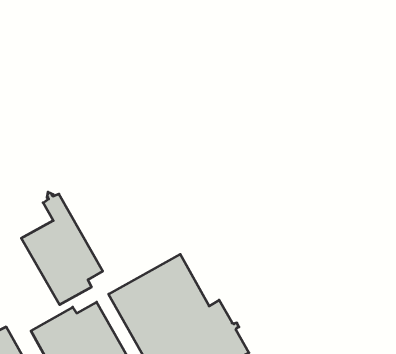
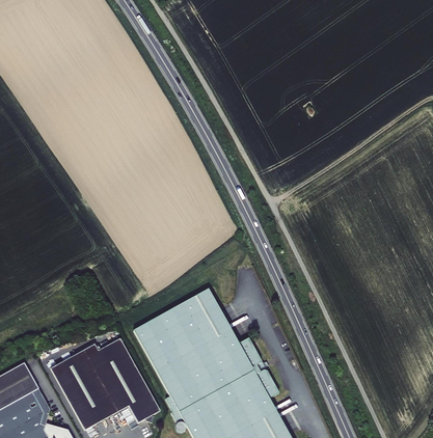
building: [21,192,103,305] -> none

